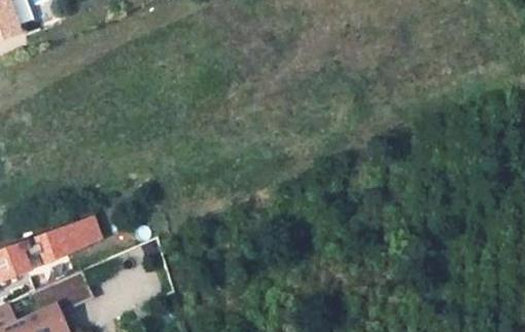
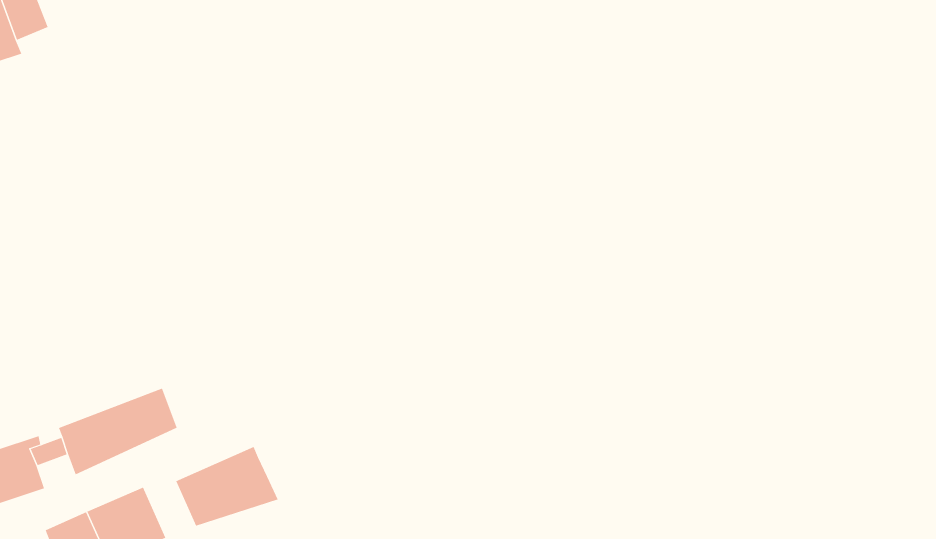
building: none -> [176,446,278,526]

